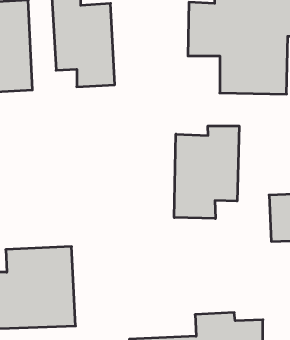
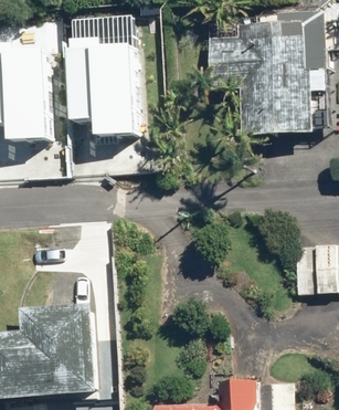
building: [174,126,239,219] -> none

